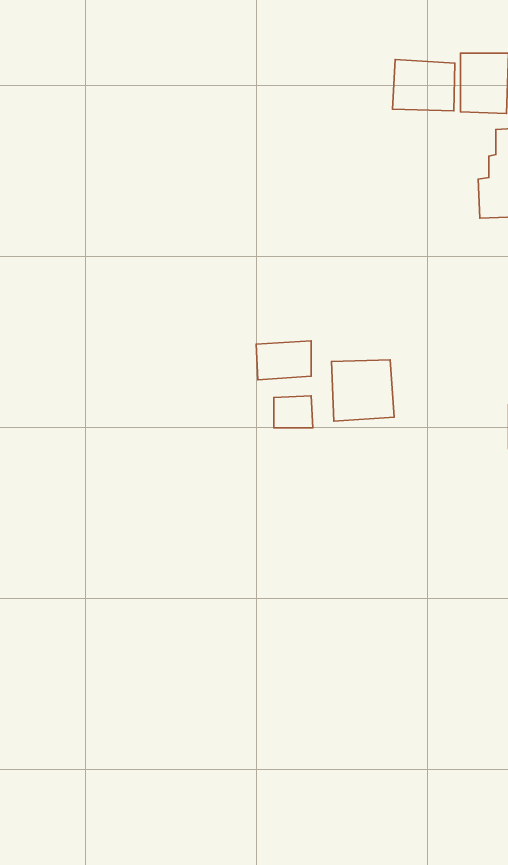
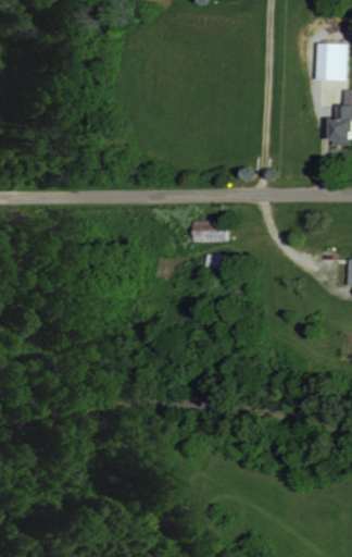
building: [392,60,455,111] -> none
building: [332,360,394,421] -> none

